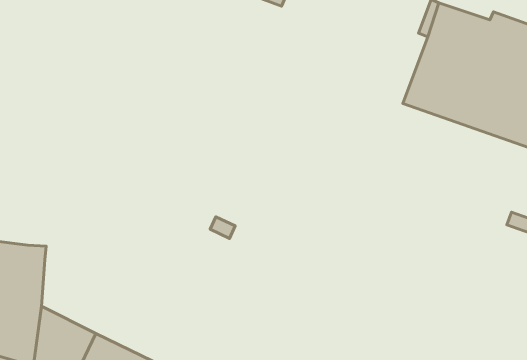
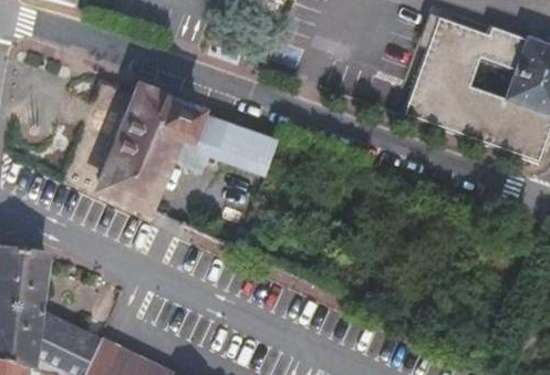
building: none -> [98,91,277,209]

